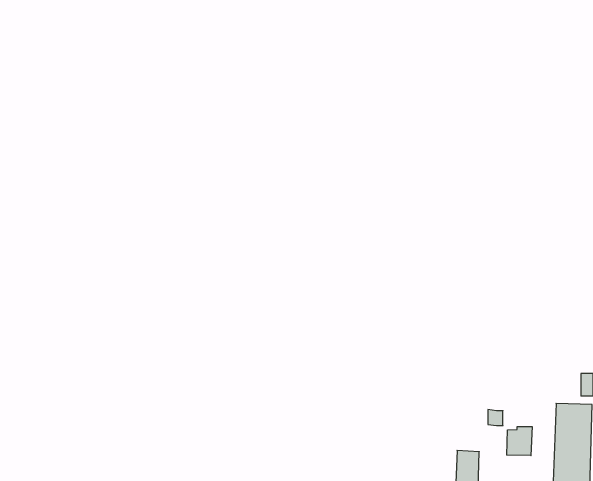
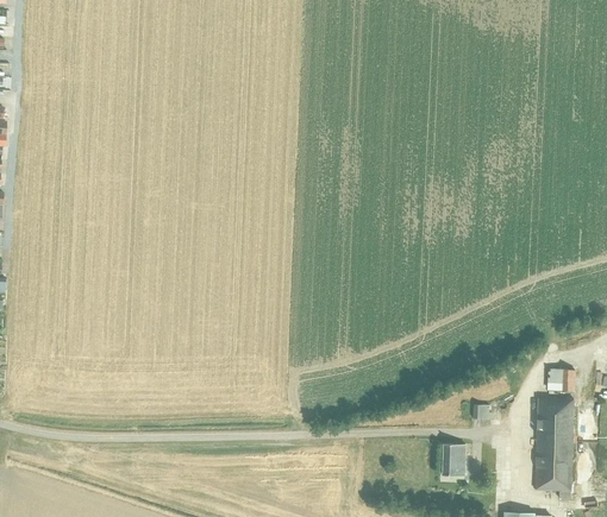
building: [507,427,532,456] -> none

